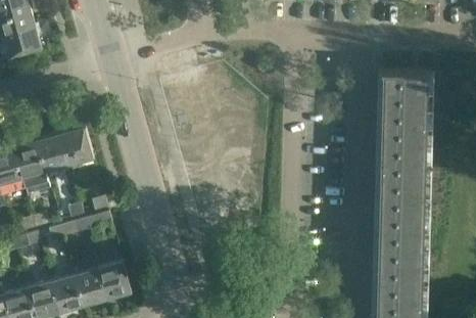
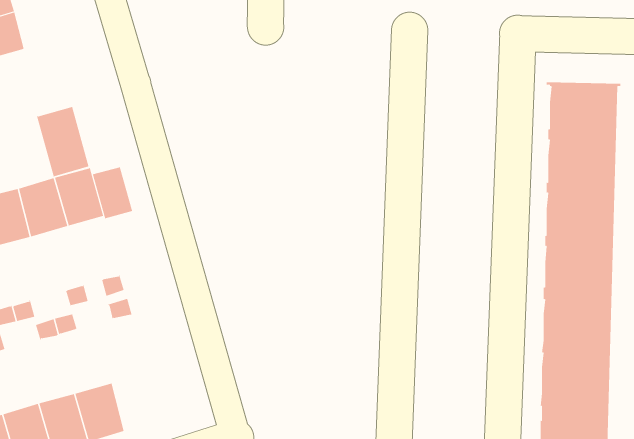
building: none -> [36,106,89,178]
building: none -> [92,167,133,219]
building: [98,261,131,300] -> none

